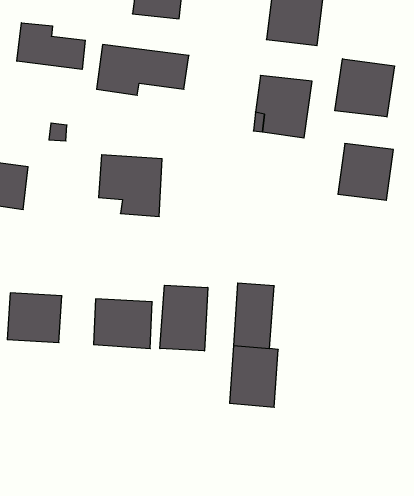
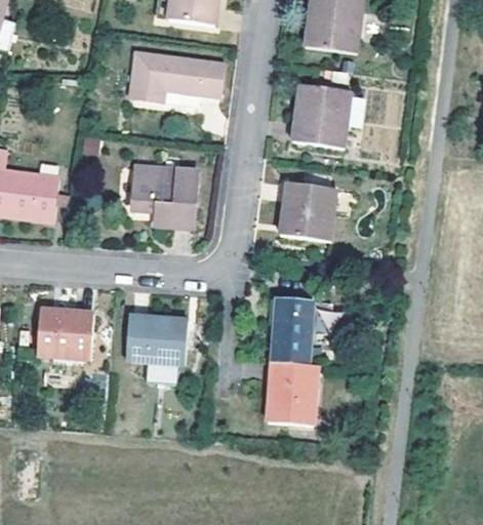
building: [17,23,85,69] -> none
building: [335,59,394,117] -> none
building: [338,144,393,200] -> [279,180,336,239]
building: [160,285,208,351] -> none

